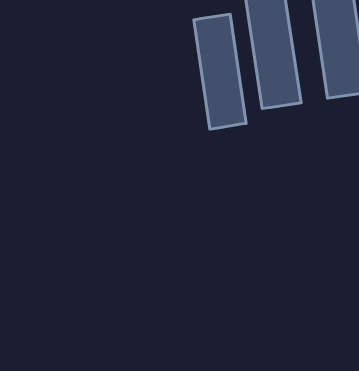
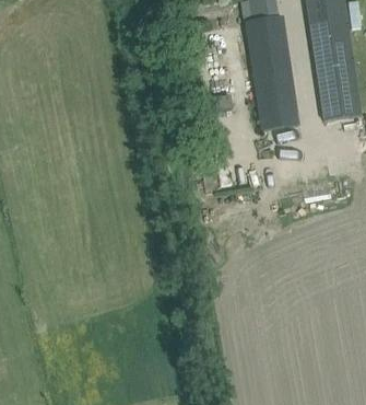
building: [194,14,246,129] -> none

